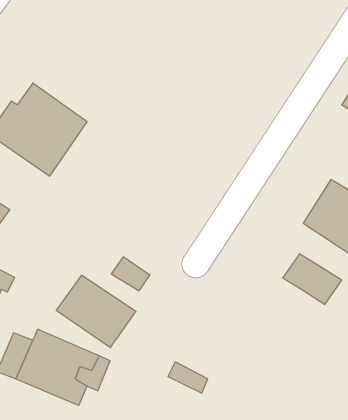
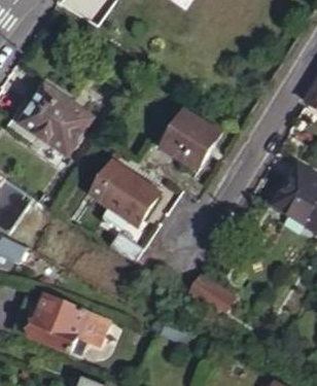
building: none -> [160,110,218,170]
building: [283,254,342,304] -> [187,273,238,316]
building: [56,275,136,348] -> [93,163,161,224]

